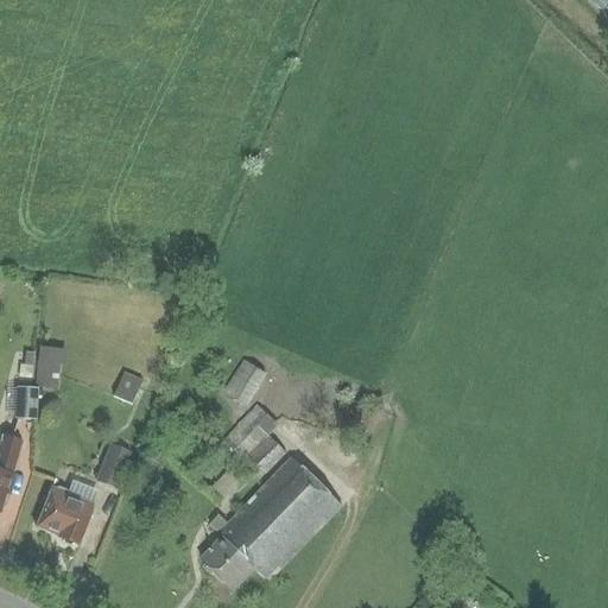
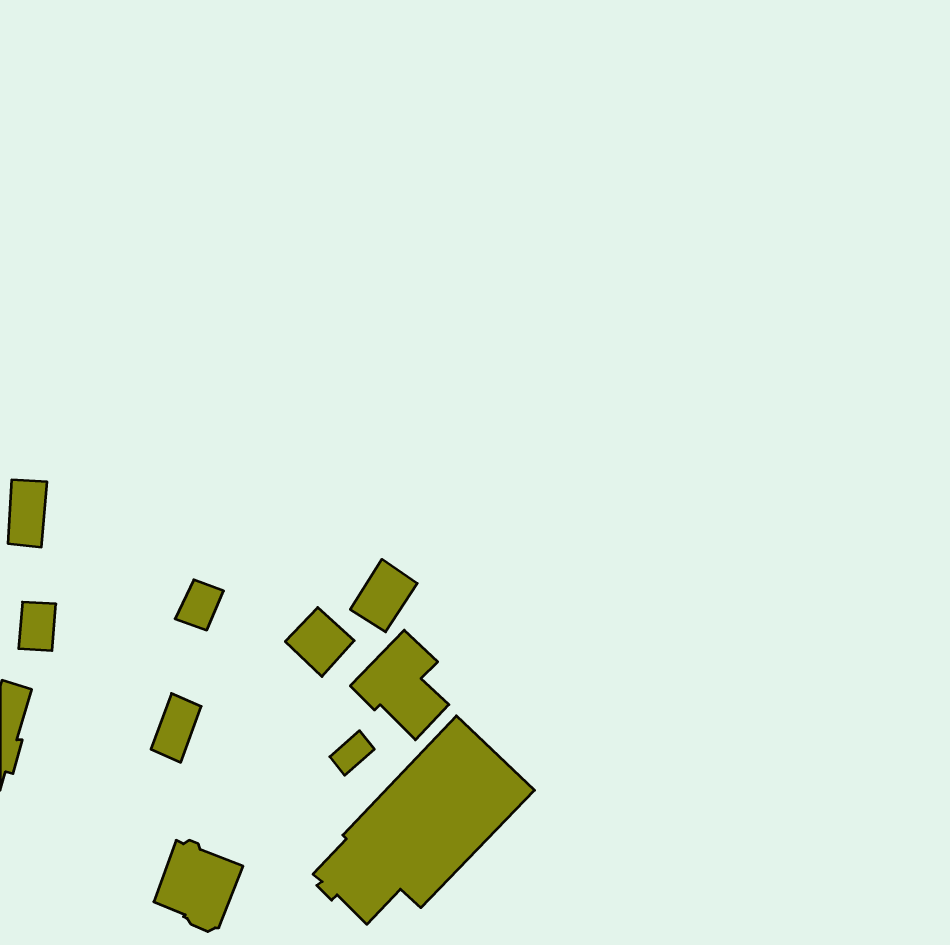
building: [36,341,61,384] -> [8,480,47,547]
building: none -> [285,607,354,677]
building: [37,486,94,544] -> [154,840,243,932]

